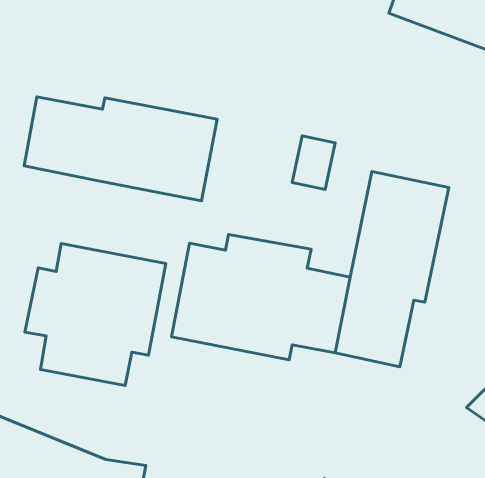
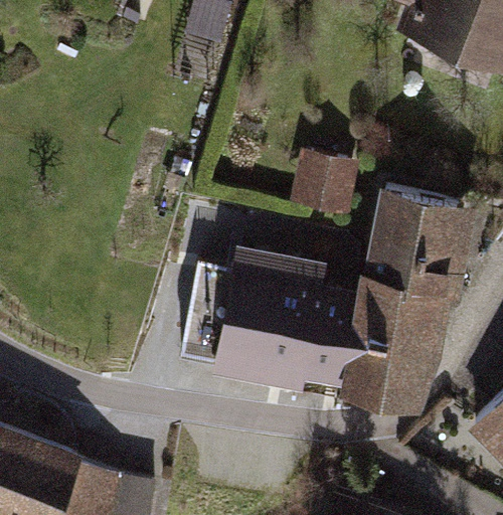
building: [24,97,217,201] -> none
building: [25,243,166,386] -> none

